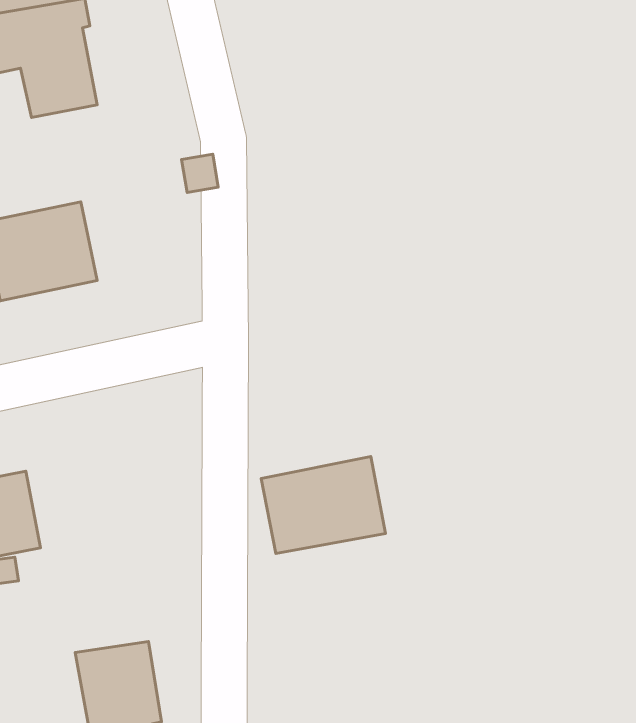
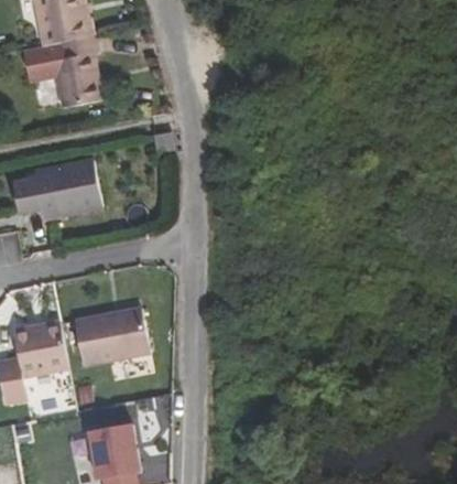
building: [261,456,386,554] -> [74,306,149,365]

